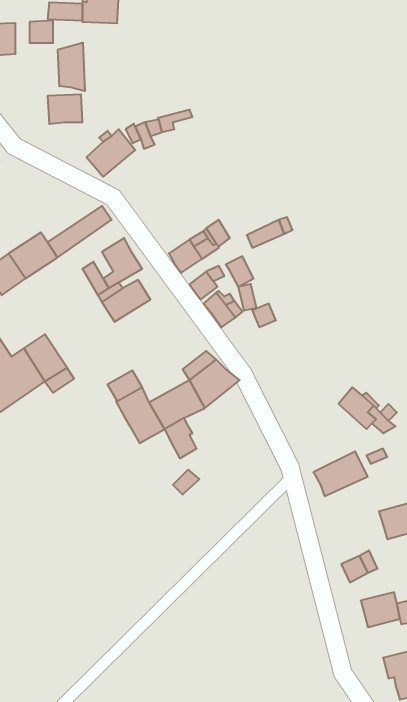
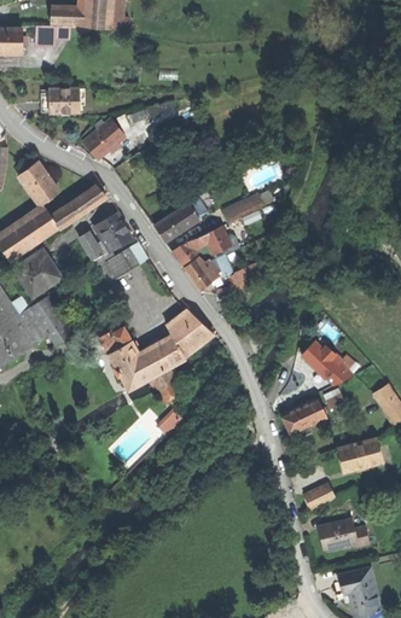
building: [58,43,85,91] -> none
building: none -> [18,162,59,206]
building: none -> [13,250,62,297]

